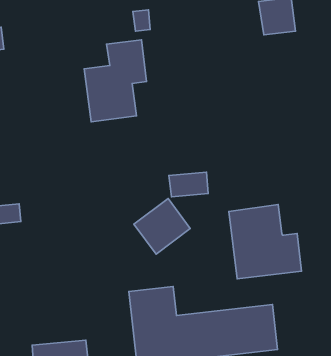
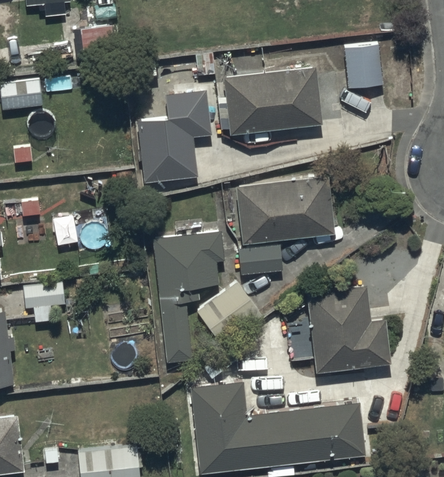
building: none -> [223,65,322,134]
building: none -> [236,178,332,247]
building: none -> [152,230,225,362]

